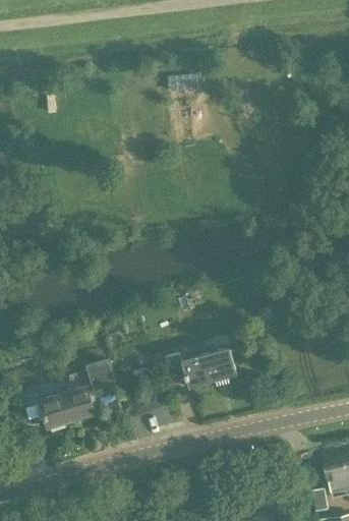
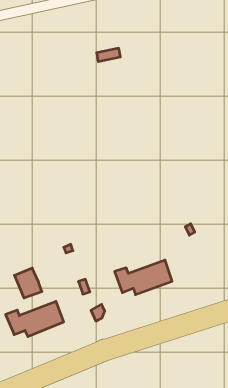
building: [84,360,117,397] -> [14,268,42,298]

